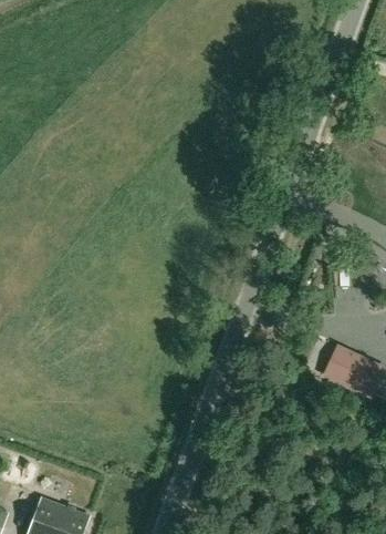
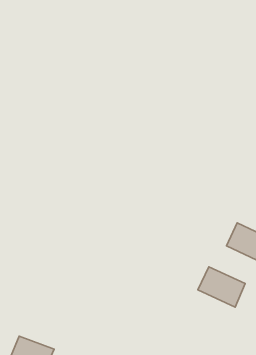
building: none -> [198,267,245,307]

